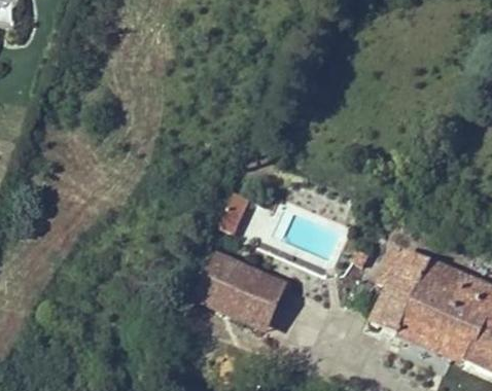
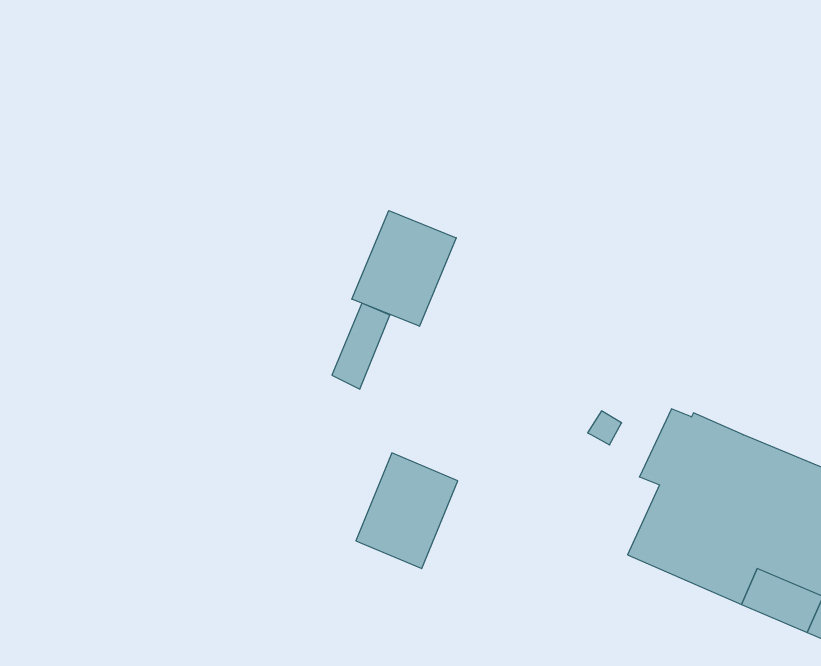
building: none -> [352,211,456,326]
building: [194,248,250,314] -> none

